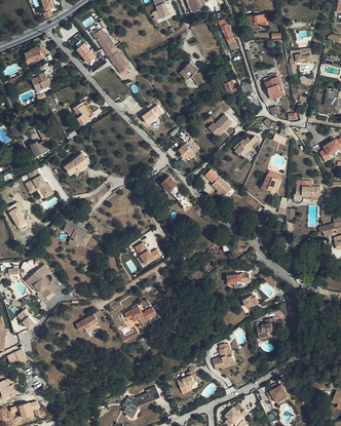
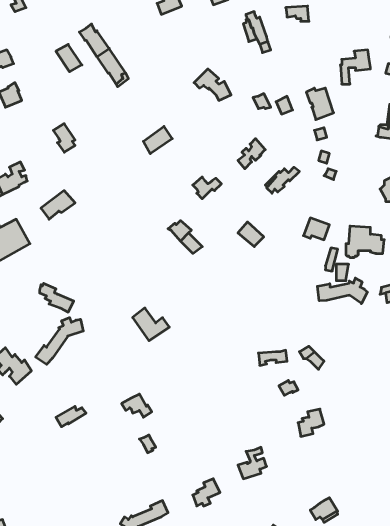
building: none -> [317,278,367,304]
building: none -> [36,318,83,364]

